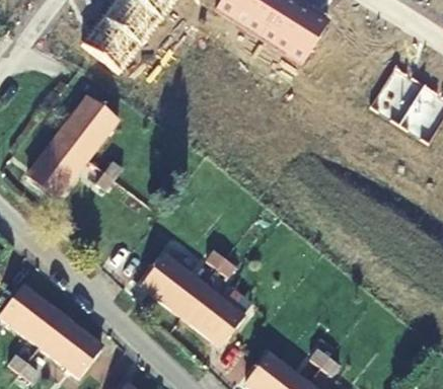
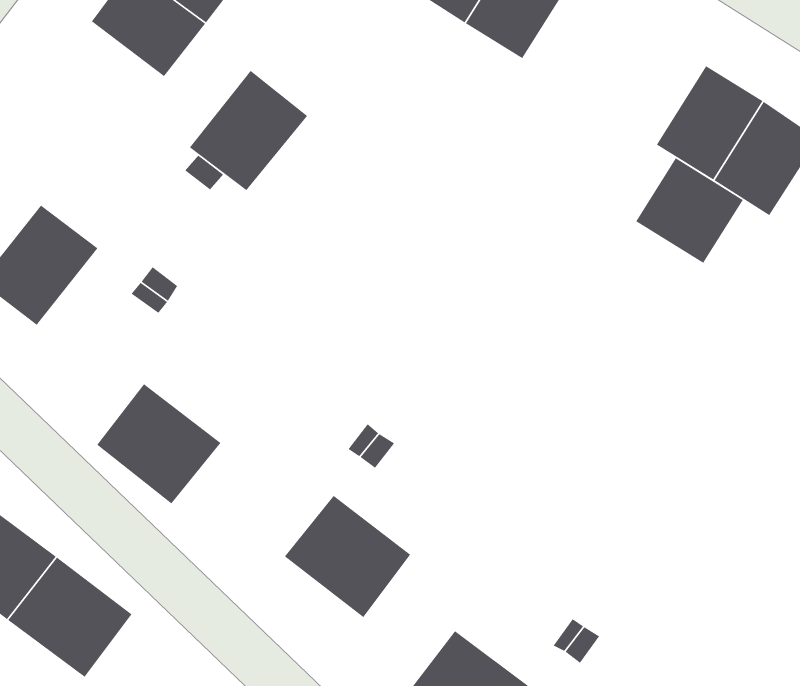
building: [56,96,117,158] -> [189,70,308,191]
building: none -> [635,157,744,264]
building: [141,253,205,315] -> [96,383,221,504]

